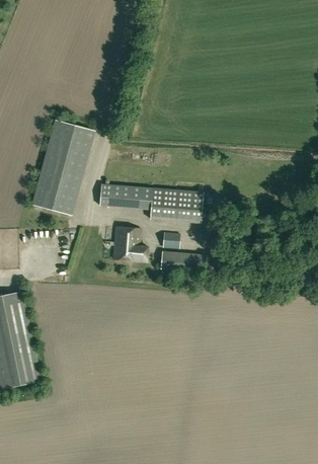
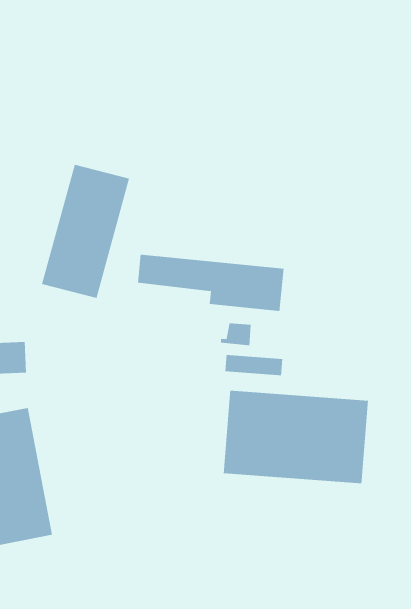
building: [112,225,147,260] -> none
building: none -> [223,390,368,484]

